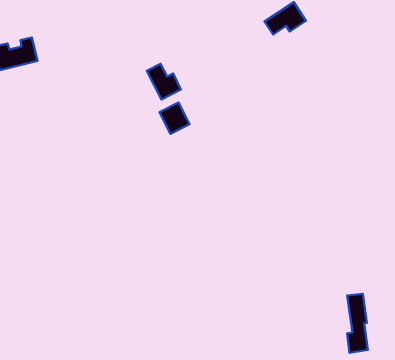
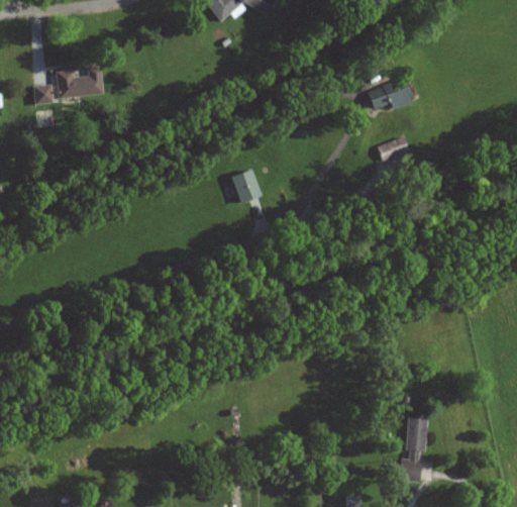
building: none -> [379,137,414,159]
building: [147,64,181,100] -> none

